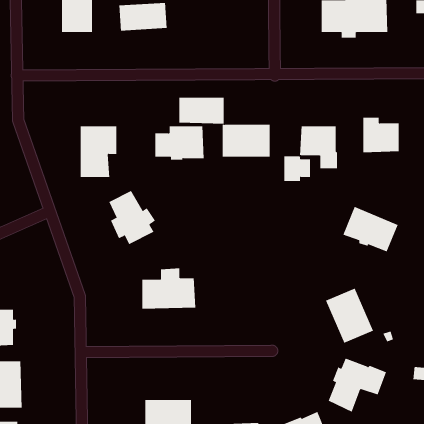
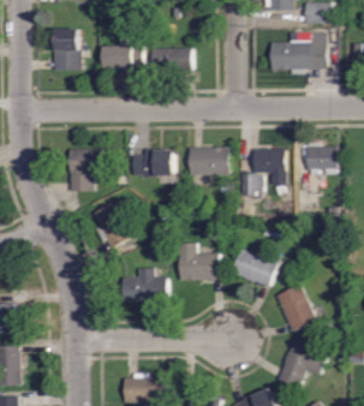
building: [178,97,224,124] -> [153,48,191,71]
building: [343,206,398,252] -> [231,247,278,286]
building: none -> [179,243,219,280]

